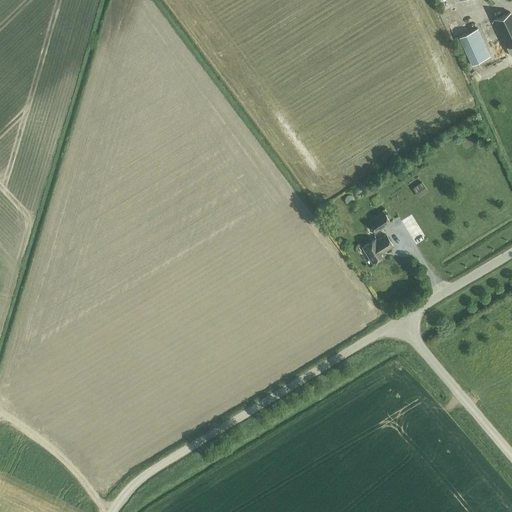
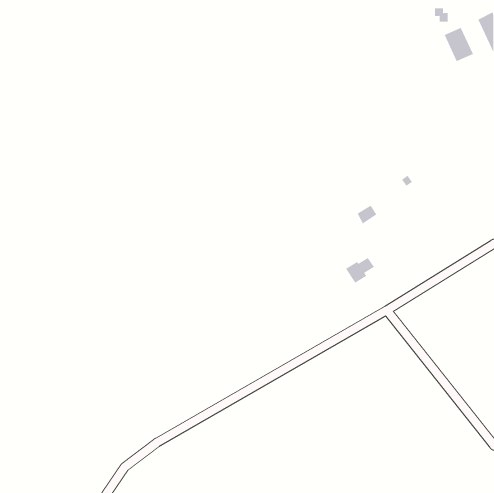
building: [362,236,393,263] -> [345,257,375,283]

